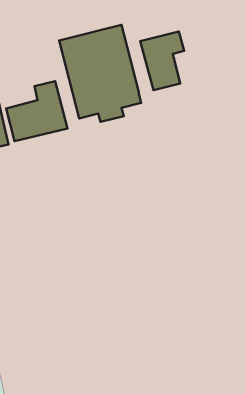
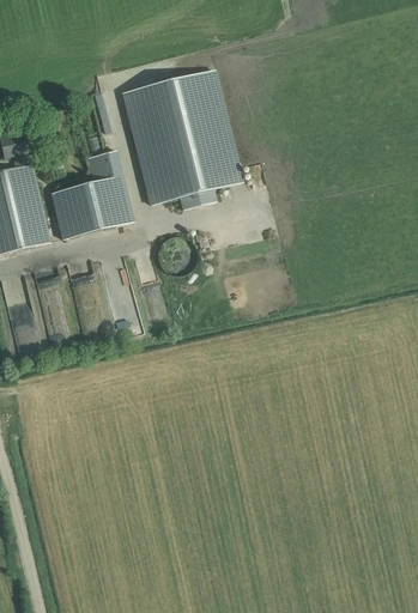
building: [140,31,184,90] -> none

